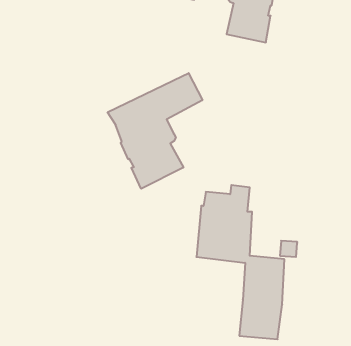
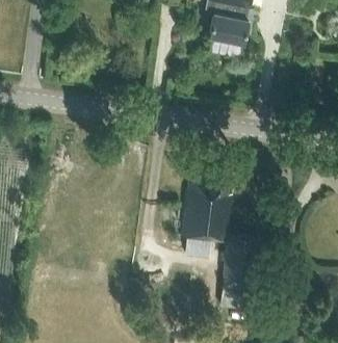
building: [108,73,202,189] -> none

